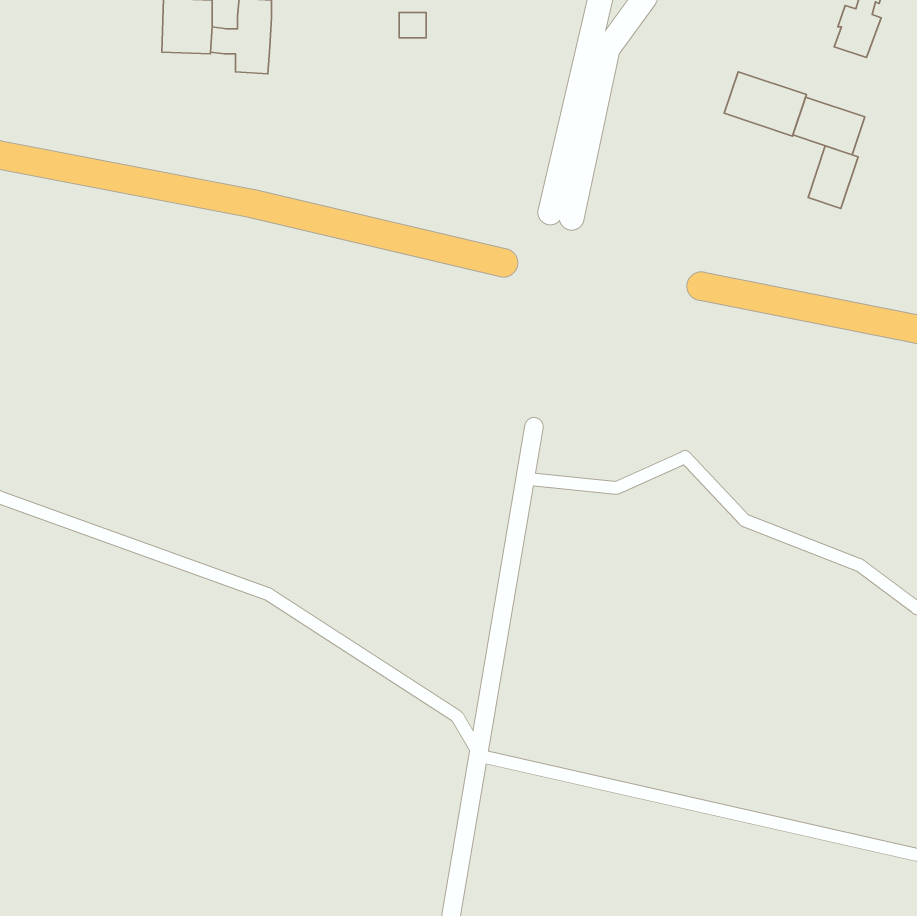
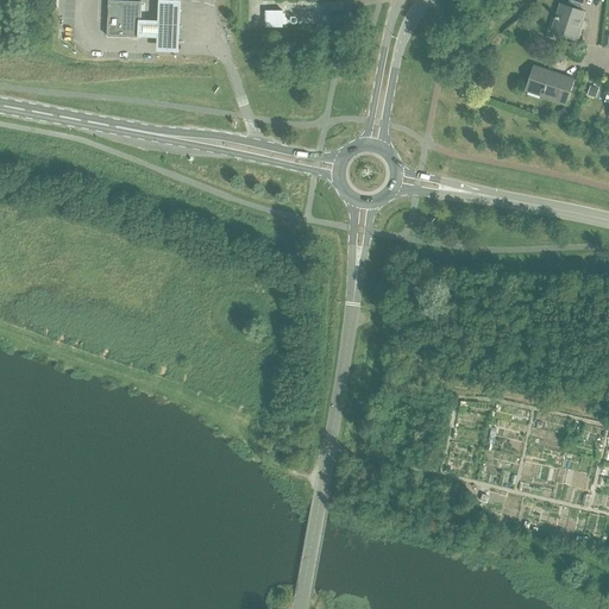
building: [724,72,806,136] -> none
building: [808,146,858,209] -> none

